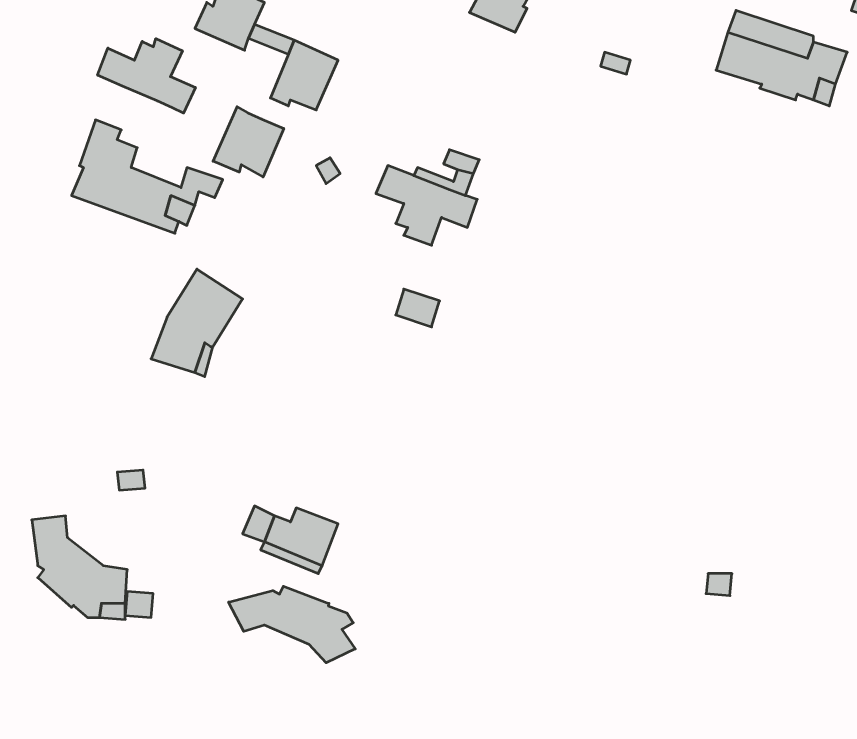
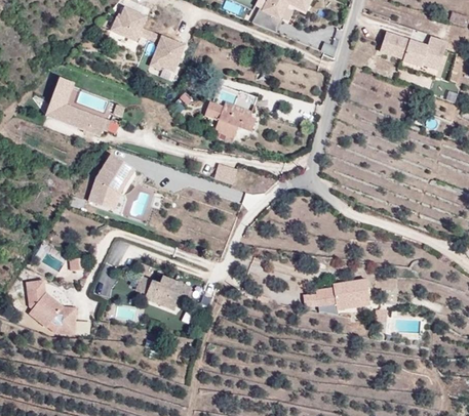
building: [98,39,195,113] -> none
building: [213,107,284,177] -> none
building: none -> [302,279,368,315]
building: [229,586,355,663] -> none

